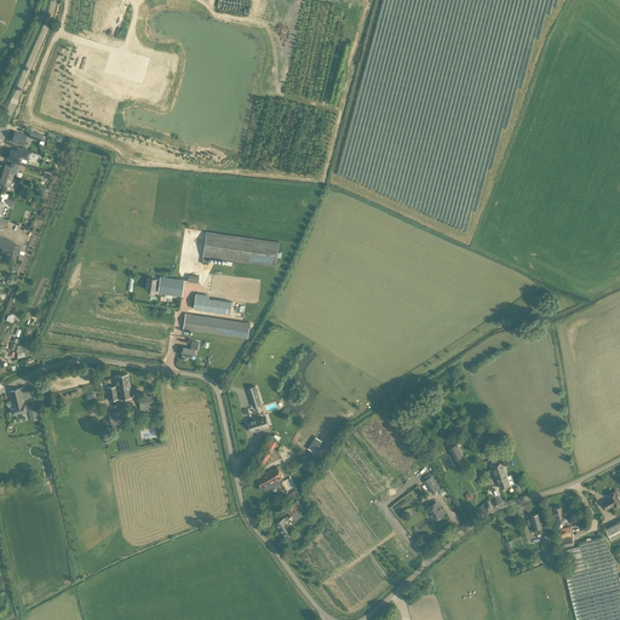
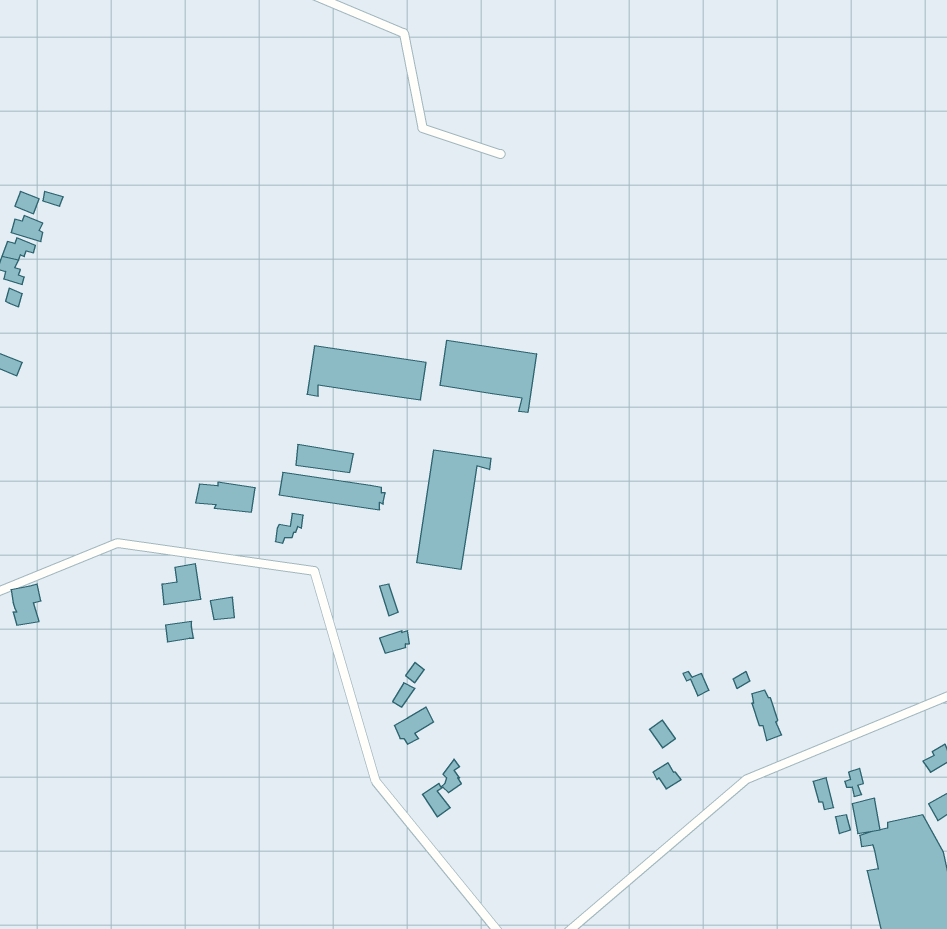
building: none -> [440,340,536,412]
building: [145,276,184,295] -> [196,482,255,512]
building: none -> [417,450,491,569]

